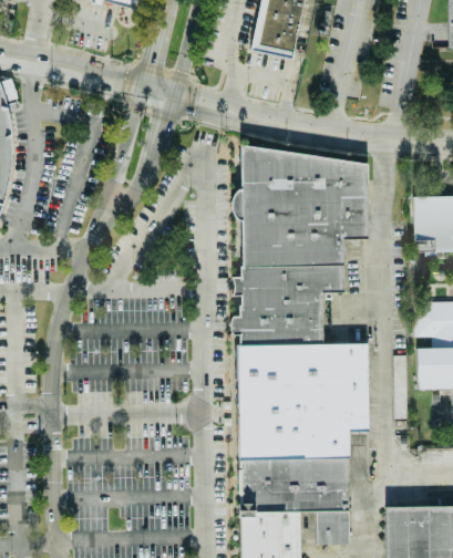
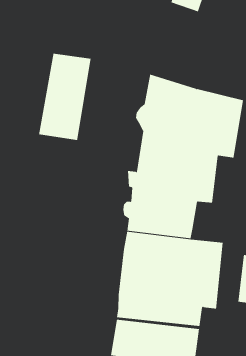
building: none -> [39,53,91,141]

